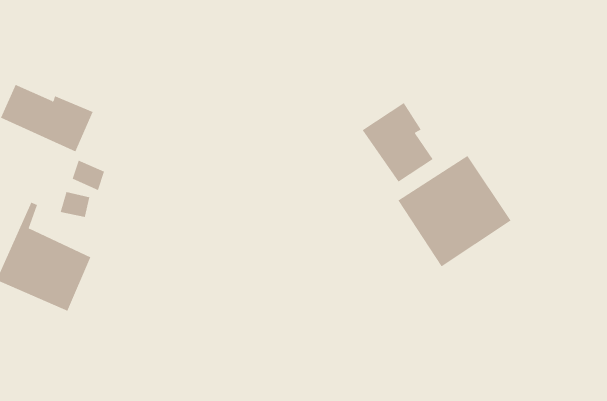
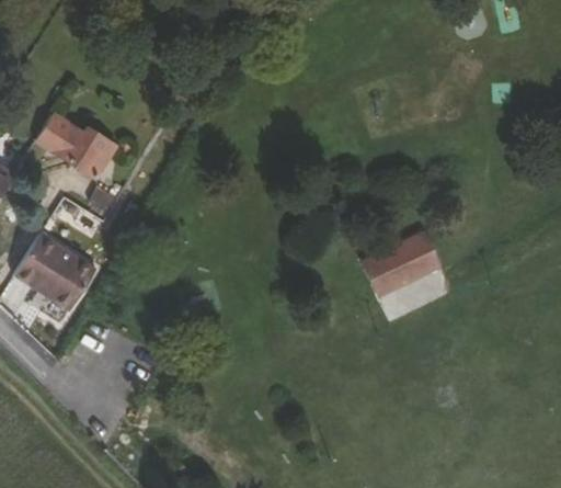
building: [362,102,433,182] -> none

